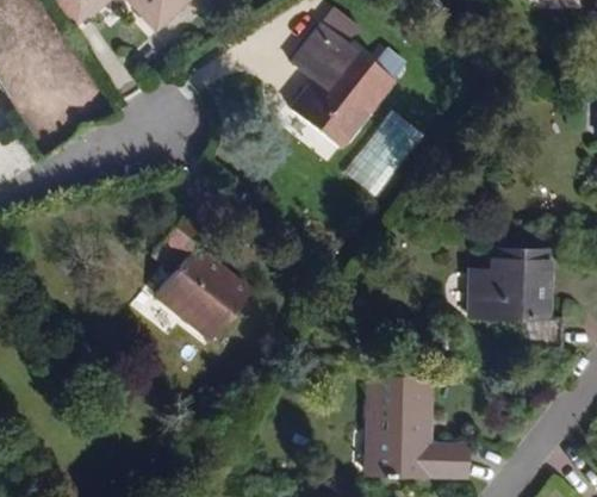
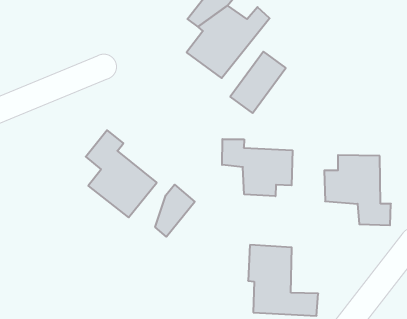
building: none -> [222,139,292,196]
building: none -> [155,185,195,237]

